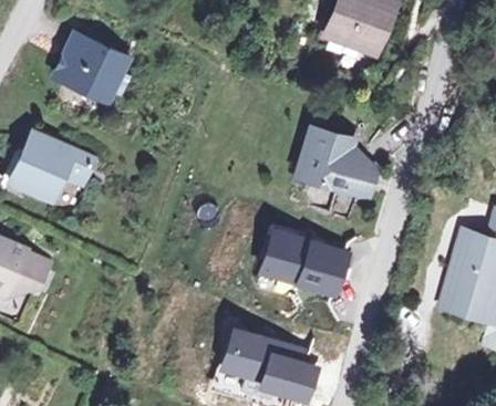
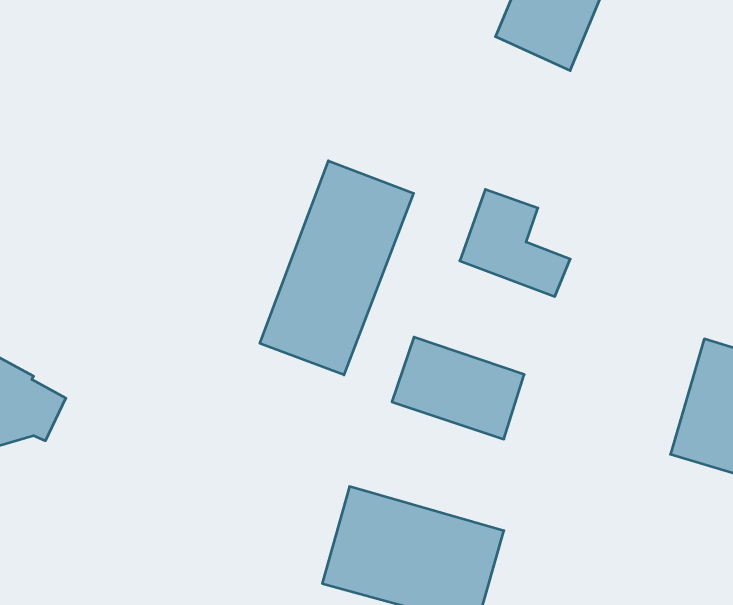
building: [53,32,123,98] -> none
building: none -> [260,161,414,375]
building: [21,138,82,205] -> none

